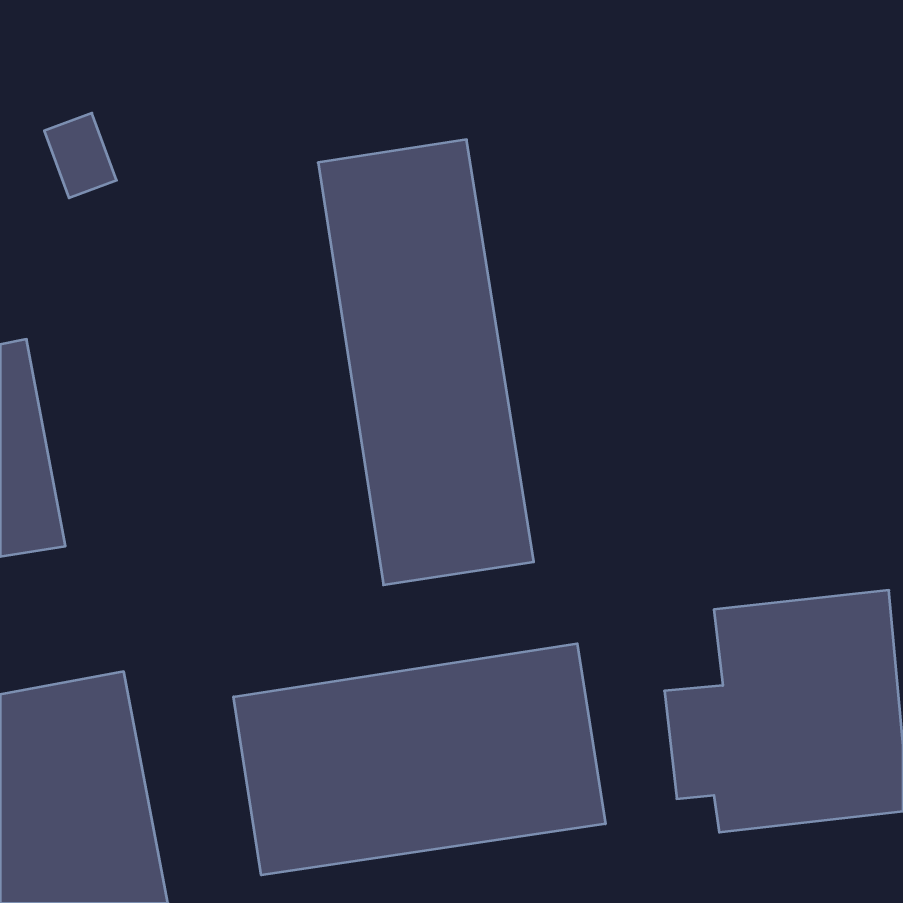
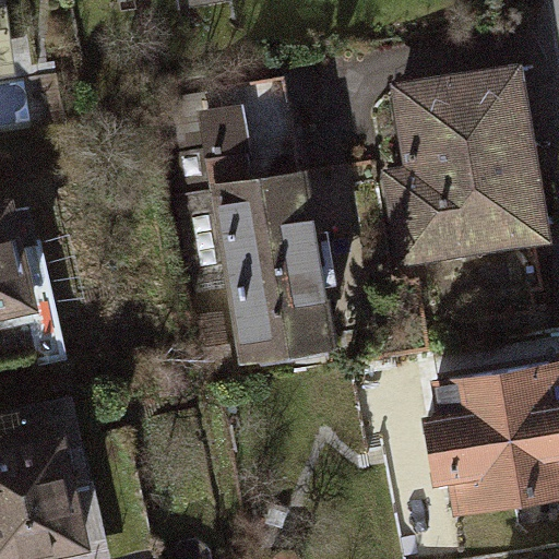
building: none -> [389,70,549,266]
building: [234,644,605,875] -> none

